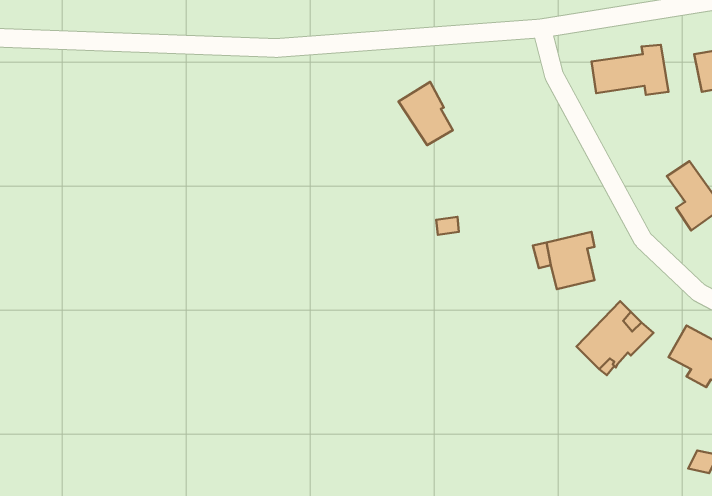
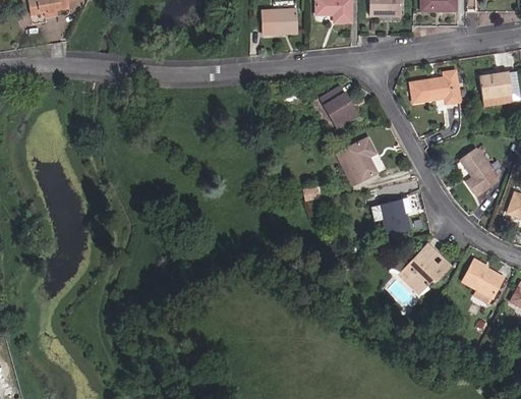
building: [399,82,453,145] -> [320,86,356,128]
building: none -> [341,137,378,184]

